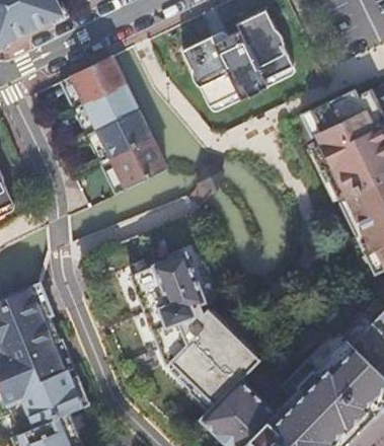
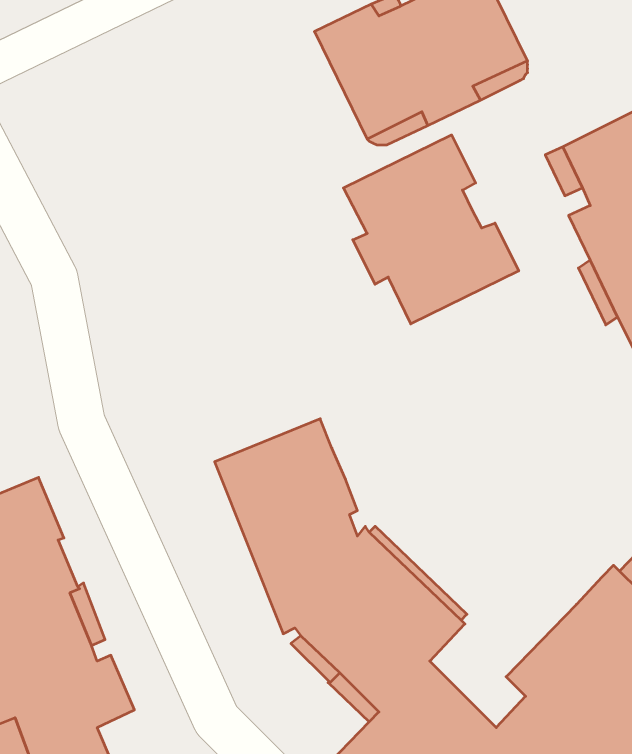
building: [63,56,168,194] -> none
building: none -> [343,135,519,324]

